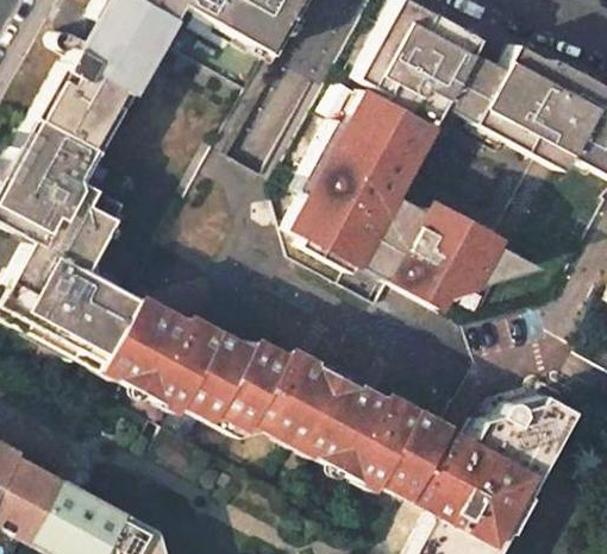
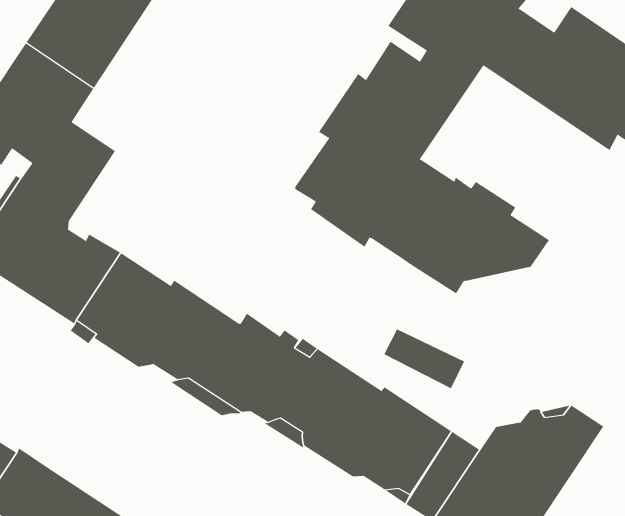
building: none -> [384,328,465,389]

